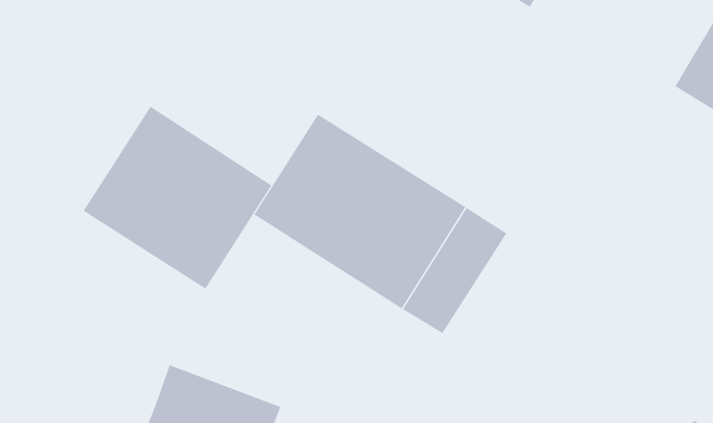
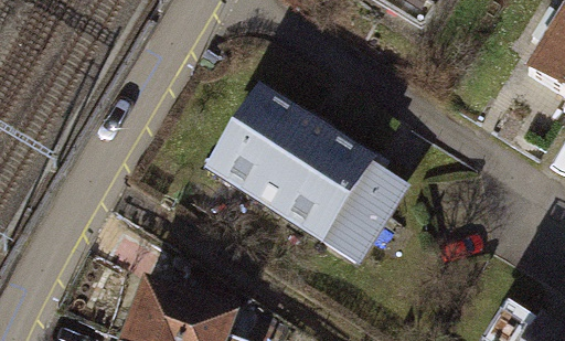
building: [83,106,272,290] -> none

